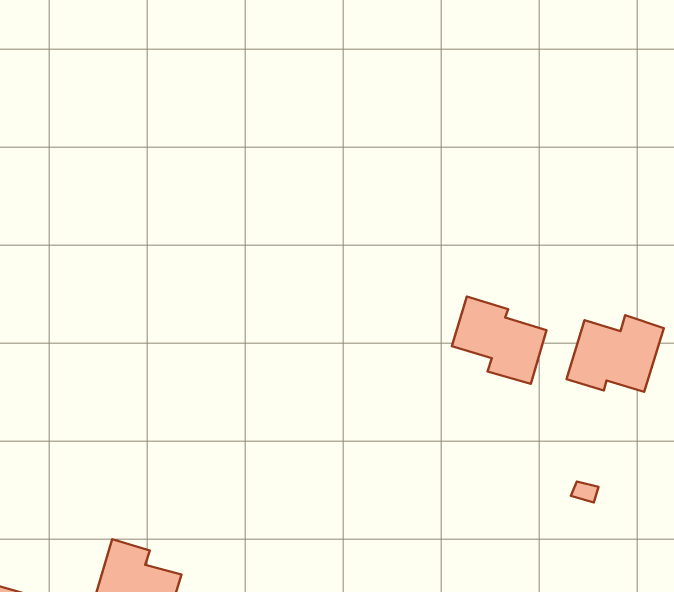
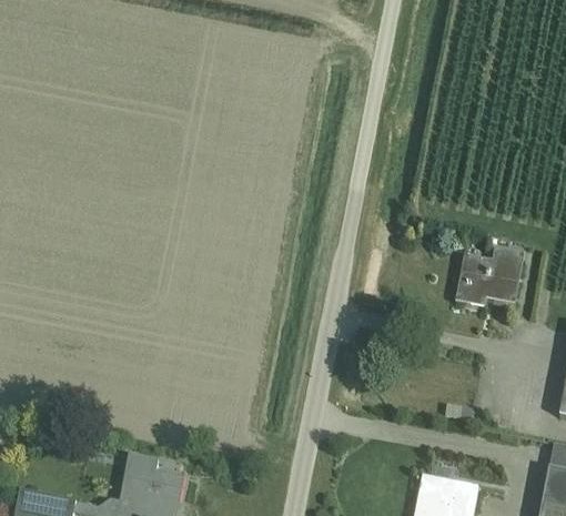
building: [452,296,547,384] -> none

